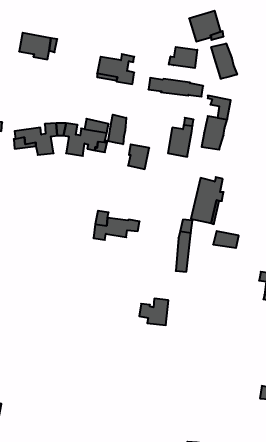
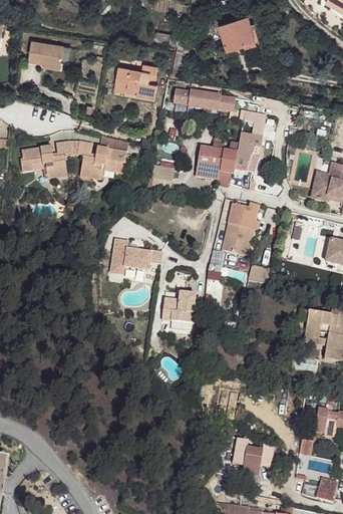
building: [211,43,237,79] -> none
building: [169,47,197,68] -> none
building: [108,115,126,144] -> none
building: none -> [218,141,239,181]
building: [139,299,168,325] -> [162,291,196,321]
building: none -> [235,446,262,475]

